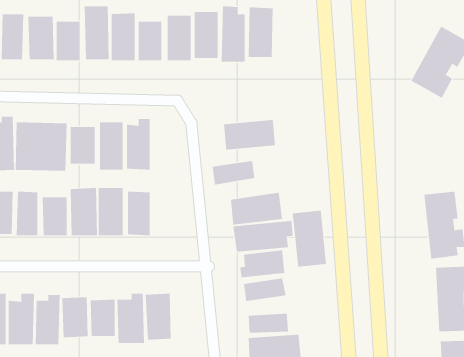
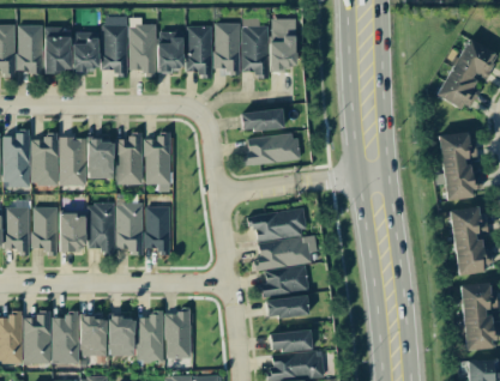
building: none -> [439,132,482,199]
building: [212,161,255,185] -> [240,108,284,133]
building: [292,210,327,268] -> none

